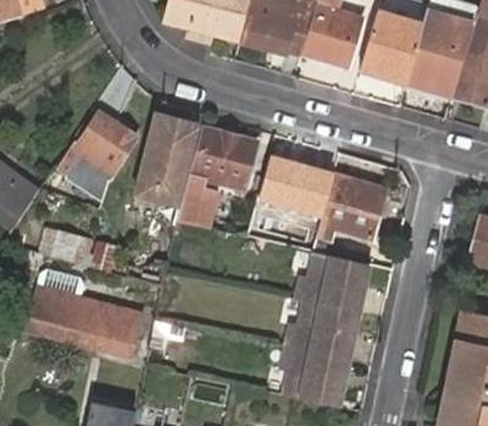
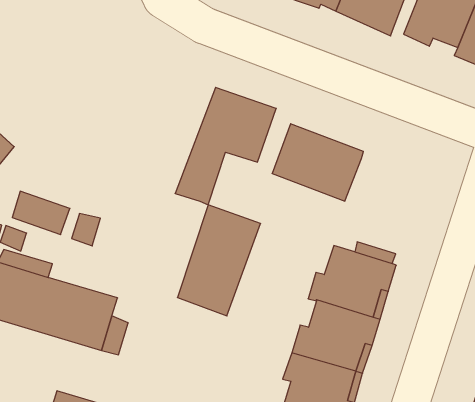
building: [58,110,138,197] -> none
building: [135,113,201,206] -> [177,205,261,316]
building: [318,177,384,238] -> none

